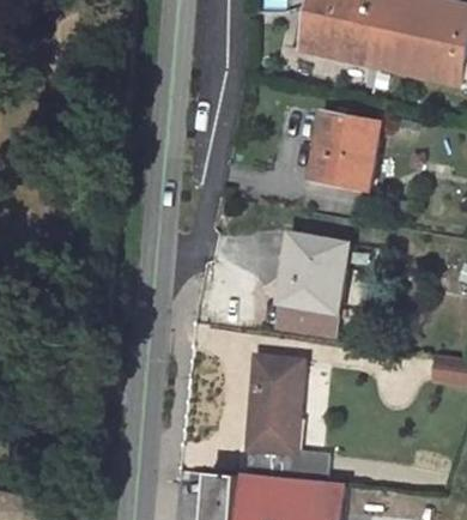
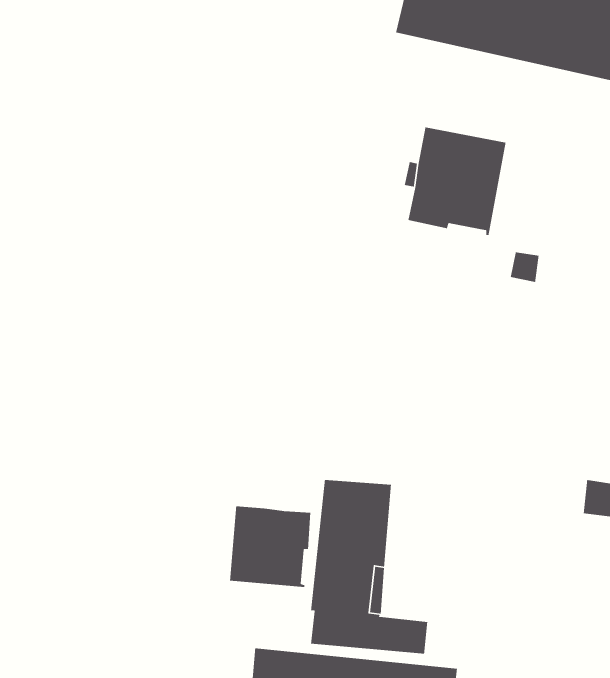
building: [273,236,345,337] -> none
building: none -> [229,505,311,588]

